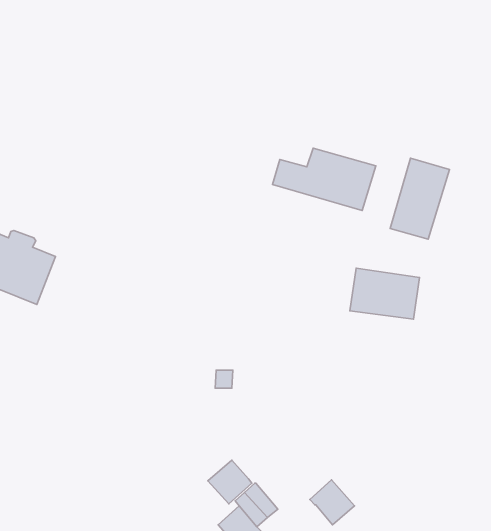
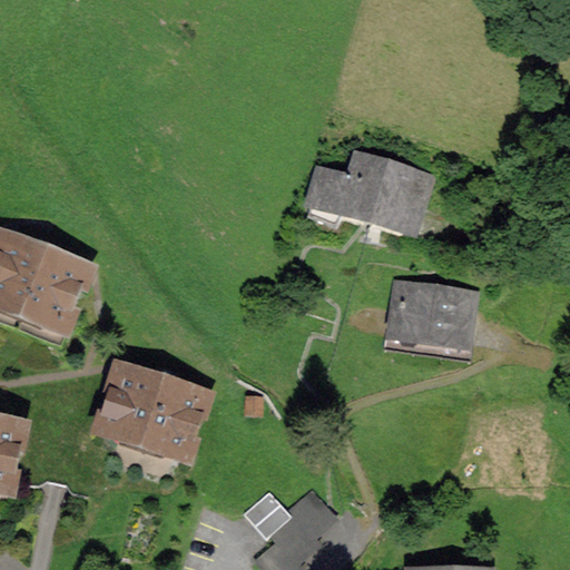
building: [390,158,449,239] -> none
building: none -> [107,377,200,454]
building: [310,480,355,525] -> [289,491,337,539]

